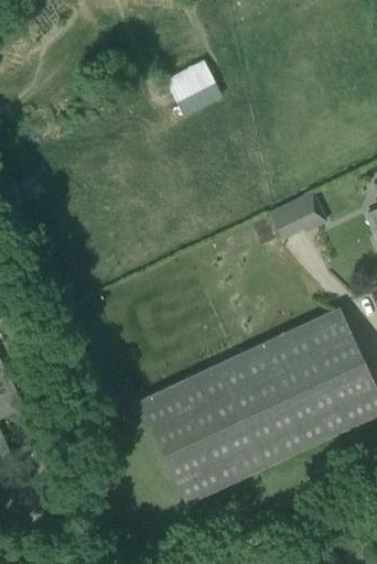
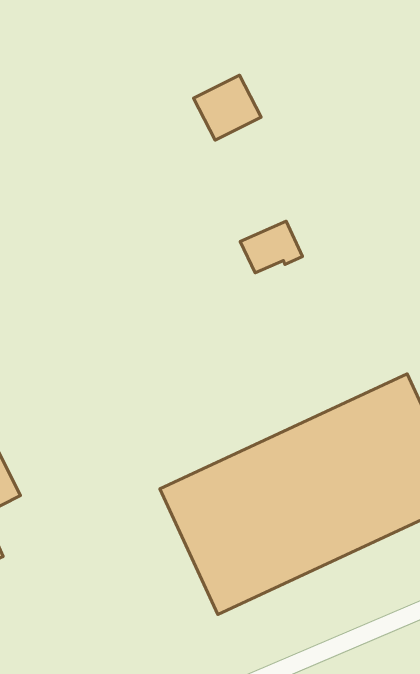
building: [268,197,319,239] -> [240,221,302,273]

